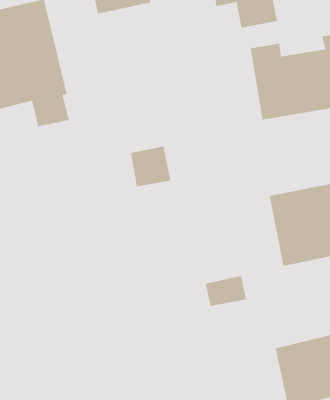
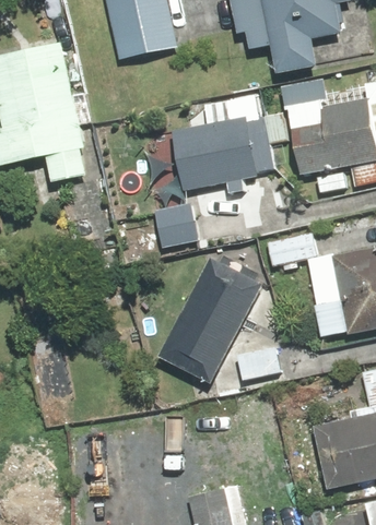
building: none -> [171,116,256,191]
building: none -> [154,255,261,384]

